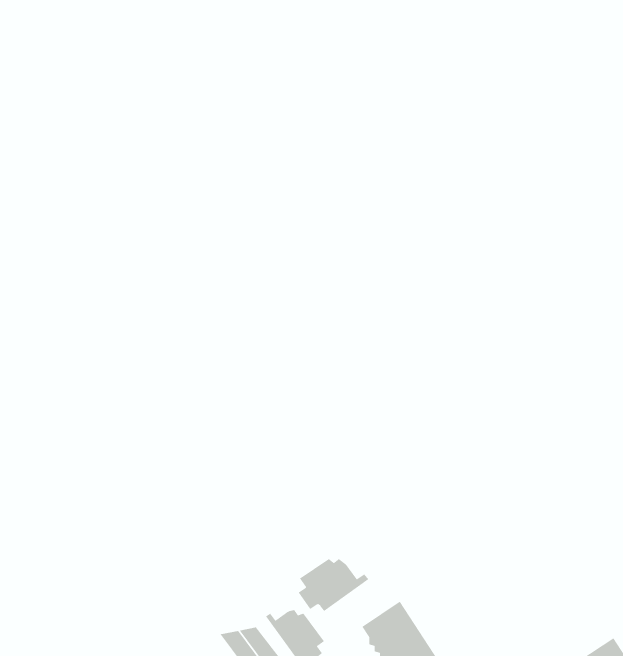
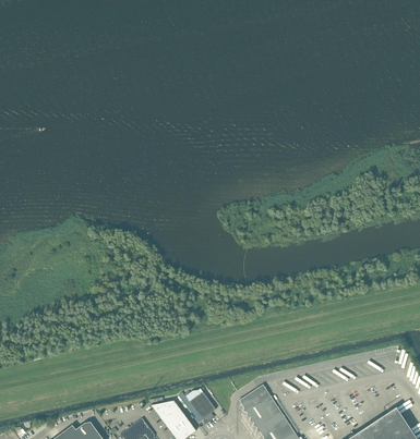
building: [298,558,369,612] -> none

